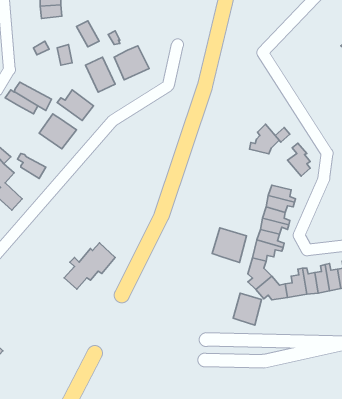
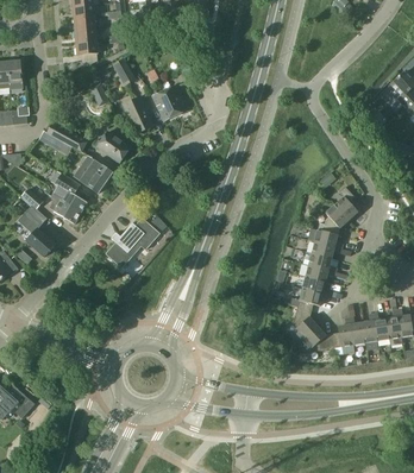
building: [250,124,279,154] -> [318,203,349,234]
building: none -> [52,172,87,210]
building: [212,228,246,263] -> none
building: [64,243,115,289] -> [106,216,159,265]
building: [233,293,261,325] -> none

